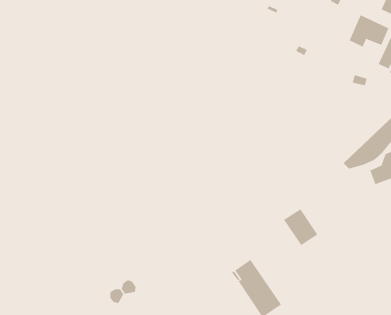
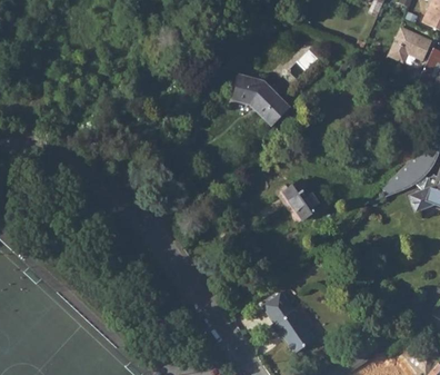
building: none -> [232,75,289,125]
building: [283,209,318,246] -> [283,179,321,219]

